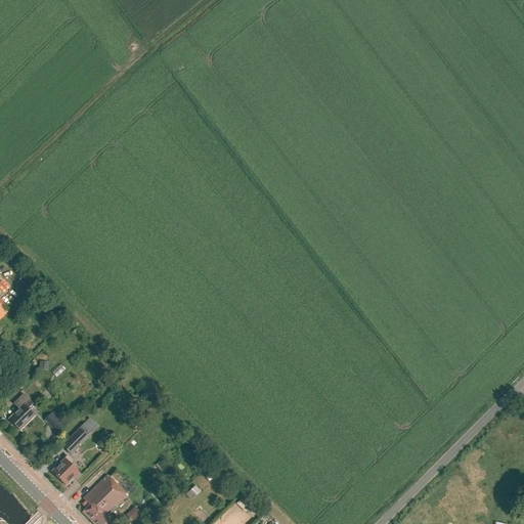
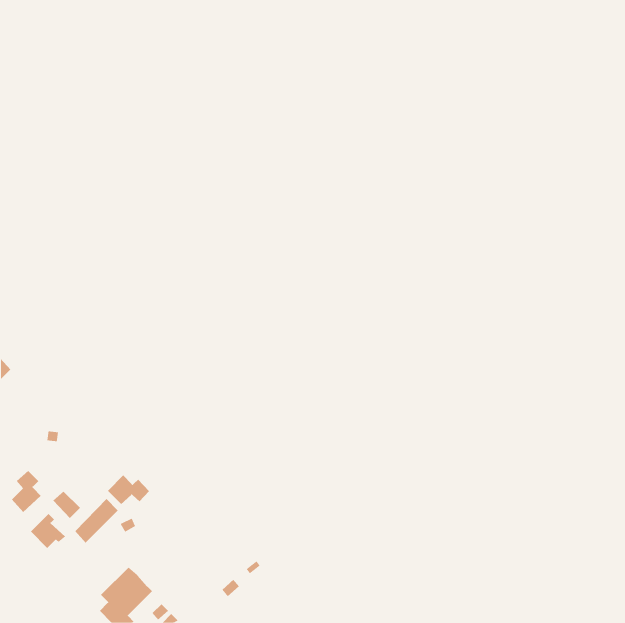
building: none -> [107,475,150,505]
building: [52,454,82,484] -> [30,513,66,549]

